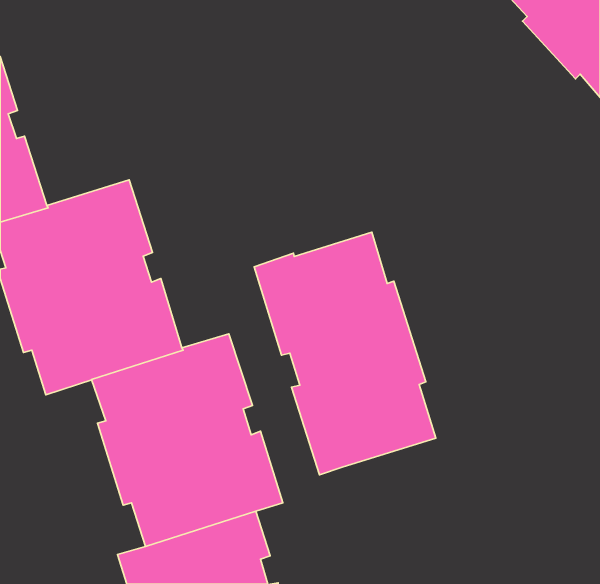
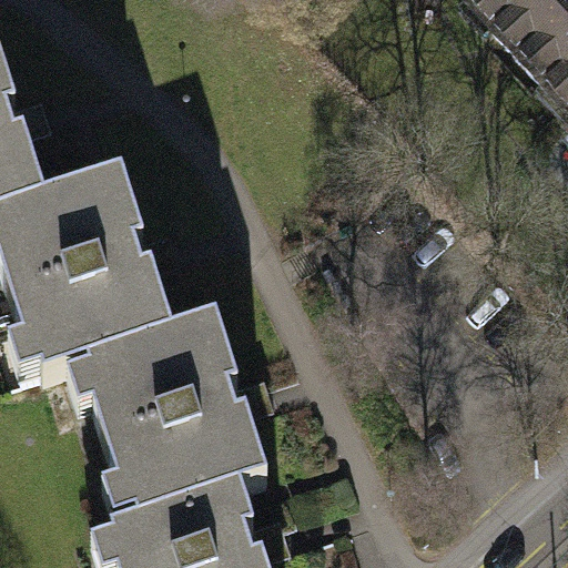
building: [254,232,436,475] -> none

